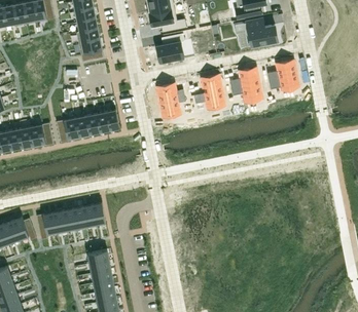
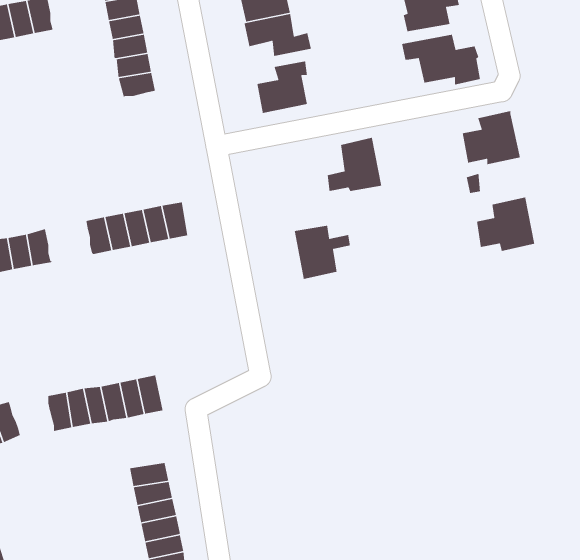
building: [230,68,262,98] -> [476,197,535,252]
building: [156,84,187,114] -> [294,225,351,280]

